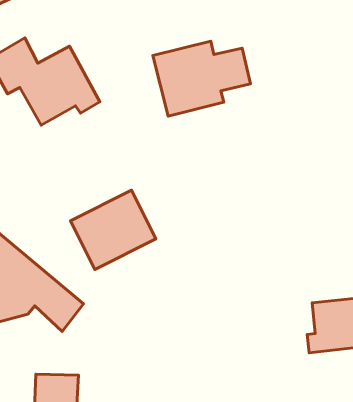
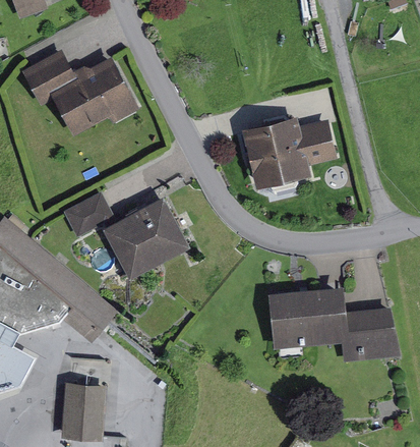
building: [153,41,250,116] -> [238,116,336,191]
building: none -> [62,191,113,236]
building: none -> [265,288,347,350]

